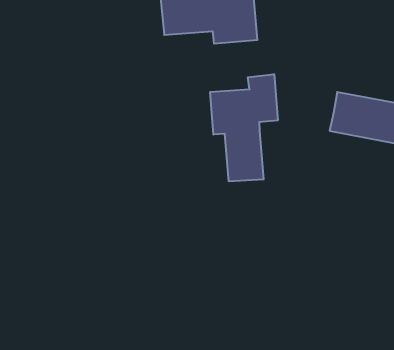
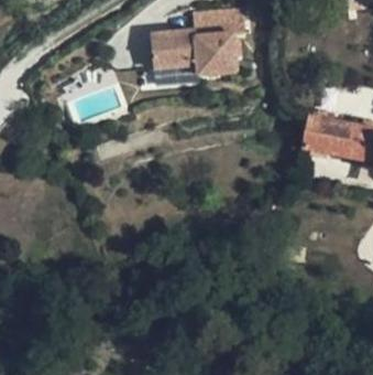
building: [210,74,278,181] -> none

